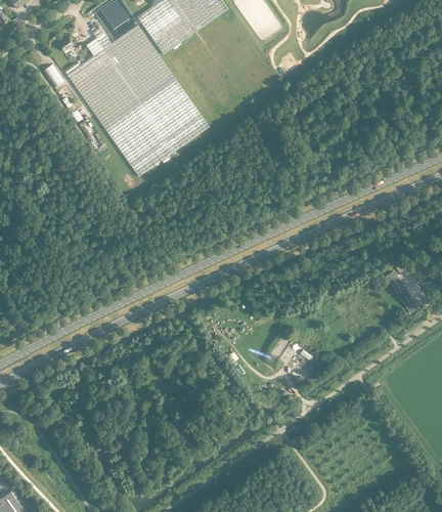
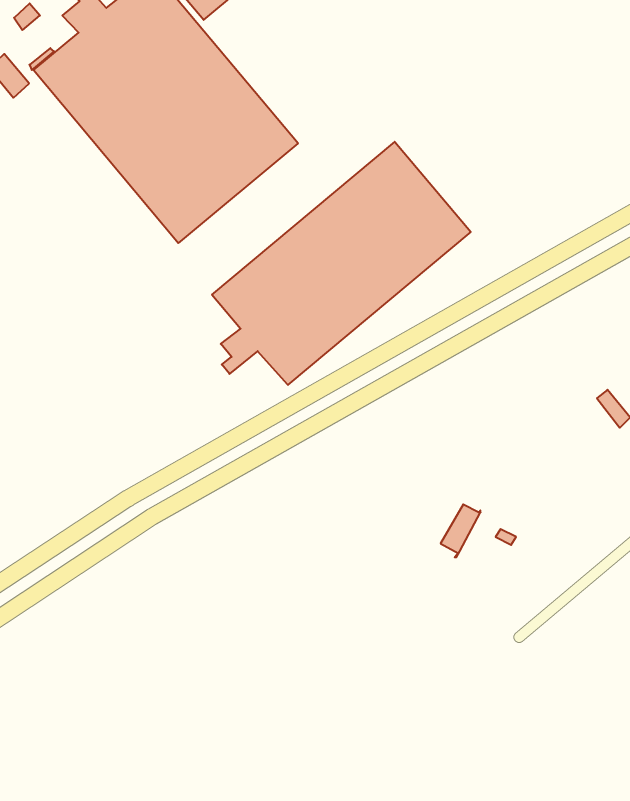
building: none -> [212,142,471,385]

